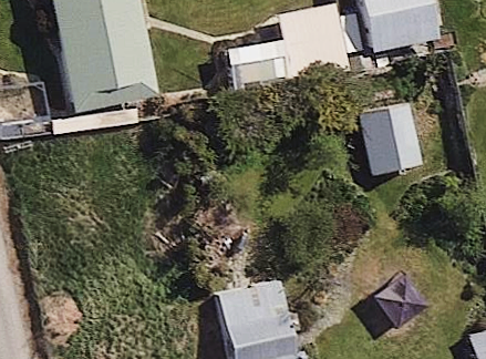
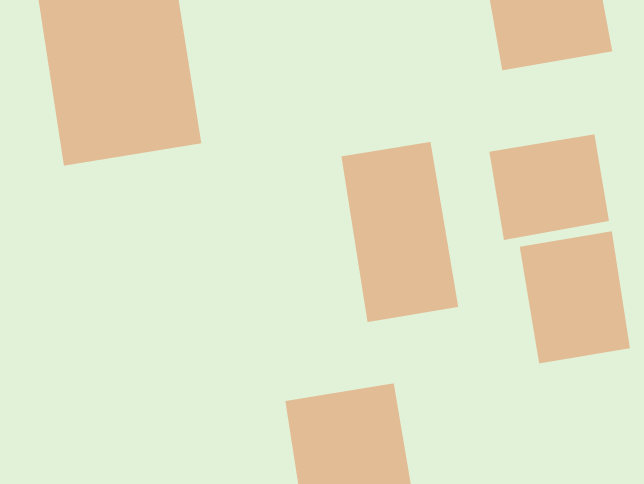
building: none -> [341,141,459,323]
building: none -> [519,231,630,364]

